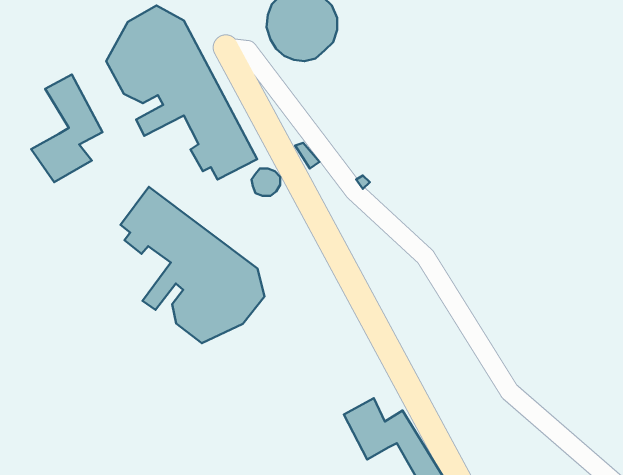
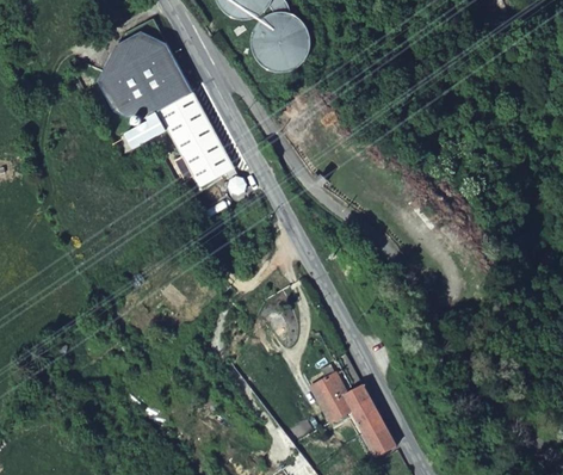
building: [31,74,103,182] -> none
building: [121,187,265,343] -> none

